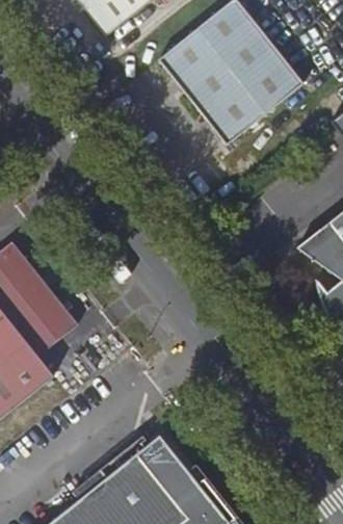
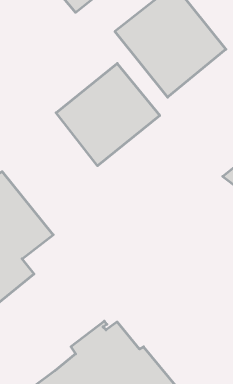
building: none -> [56,63,160,166]

